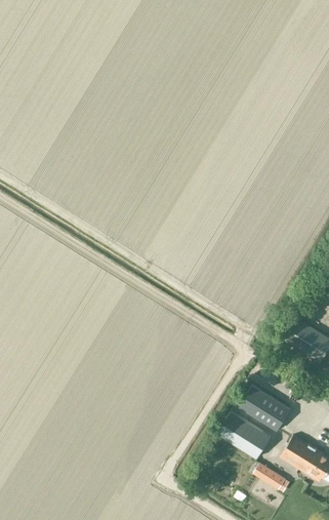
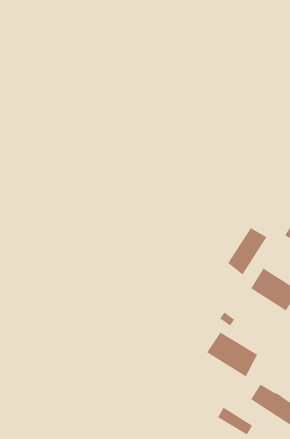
building: none -> [227,227,267,276]
building: [219,414,273,461] -> none

